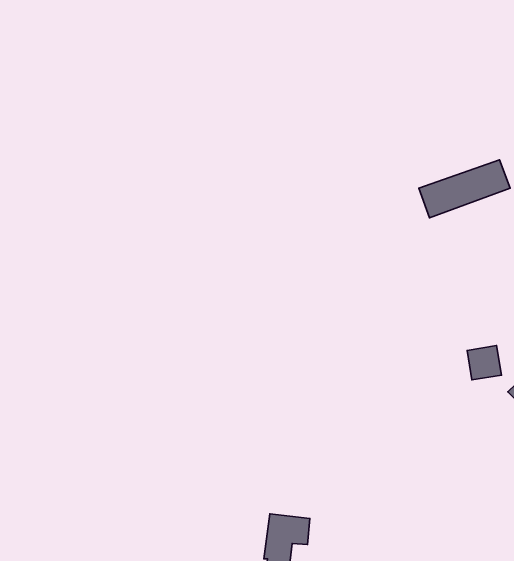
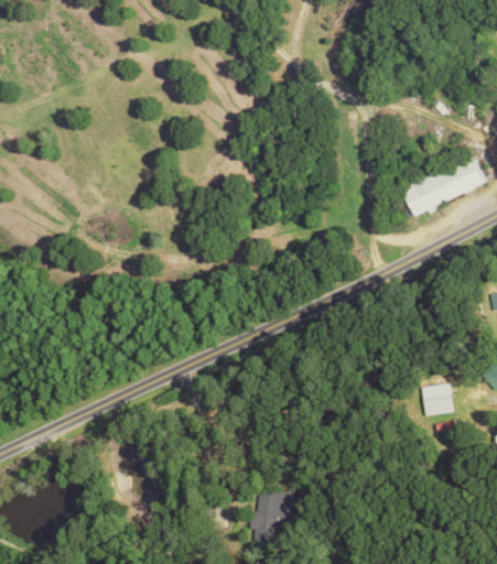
building: [467,346,501,380] -> [423,384,455,416]

